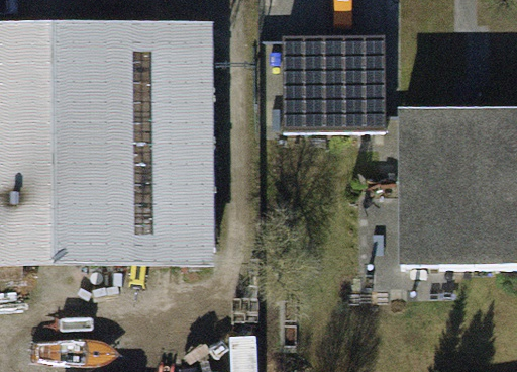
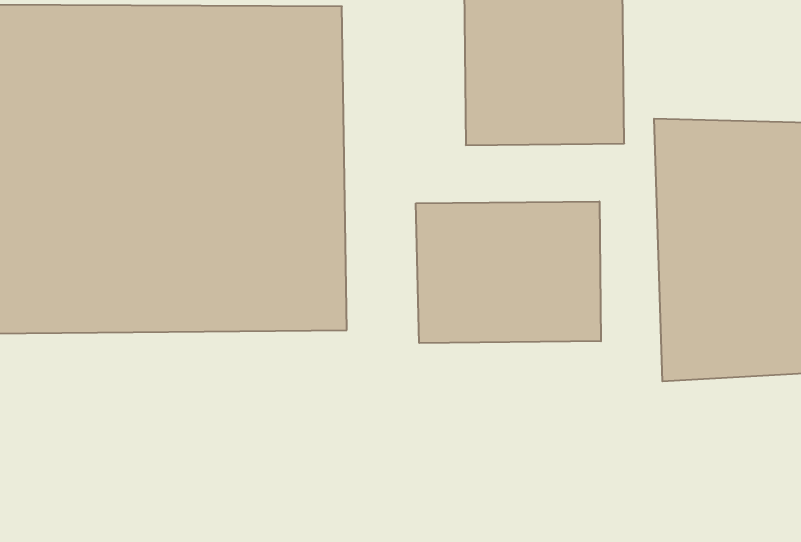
building: none -> [416,201,601,343]

